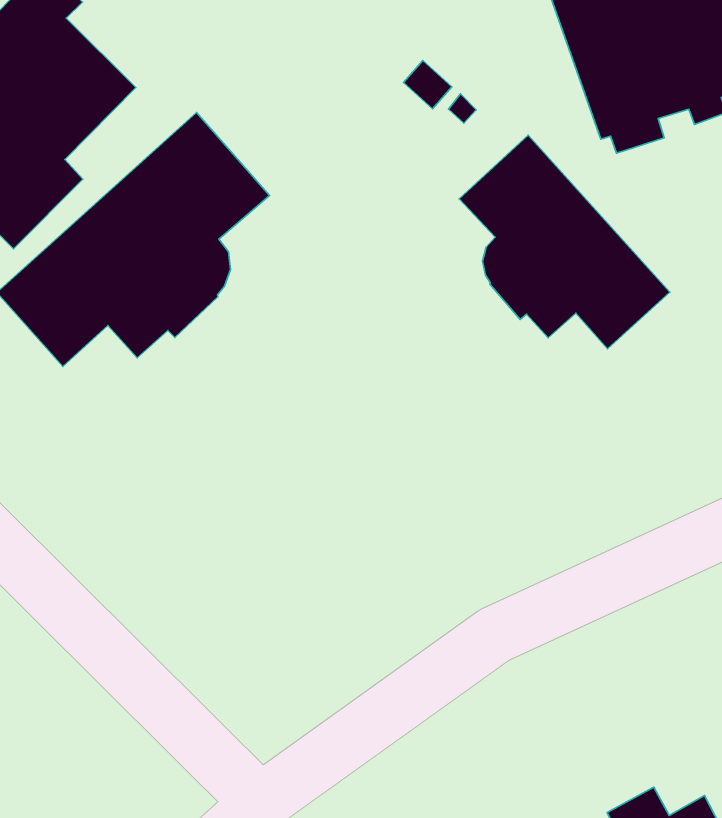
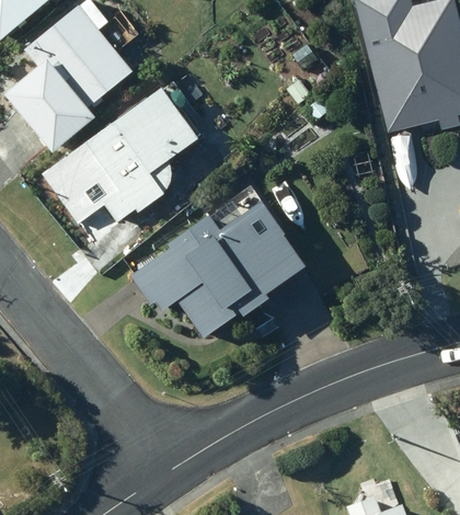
building: [459,135,670,349] -> none
building: none -> [130,203,310,337]

